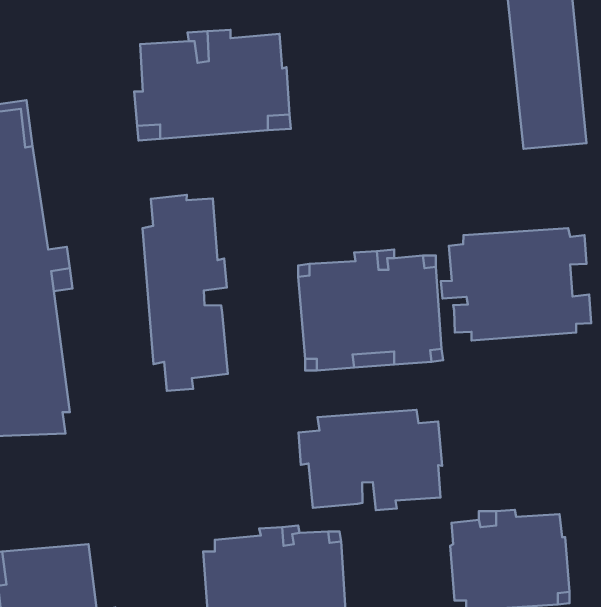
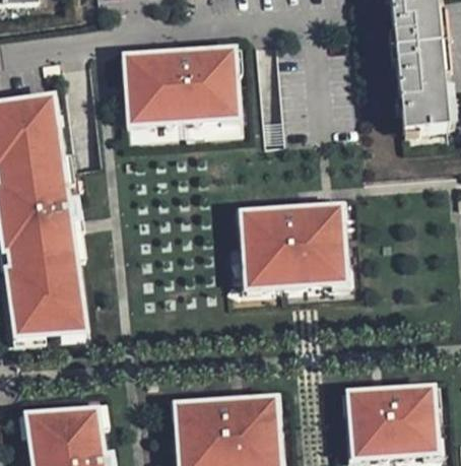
building: [142,195,228,391] -> none
building: [441,228,591,341] -> none
building: [298,410,442,510] -> none

